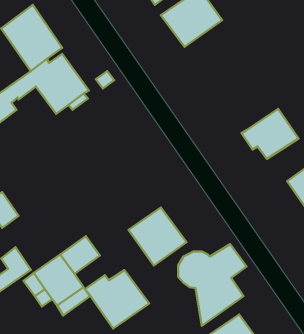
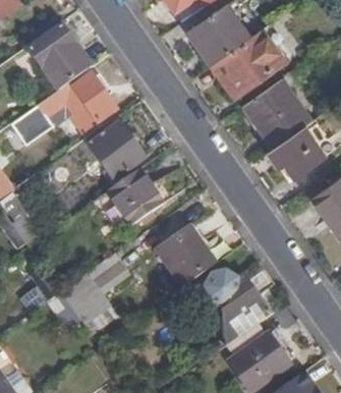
building: none -> [212,30,285,97]
building: none -> [243,78,312,149]
building: none -> [90,122,148,178]
building: none -> [106,171,162,227]
building: [85,270,149,328] -> none

